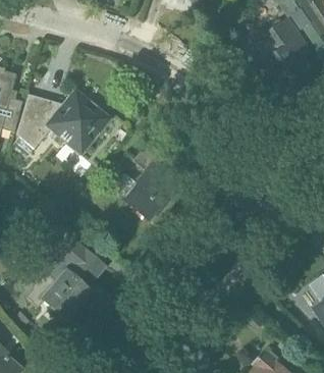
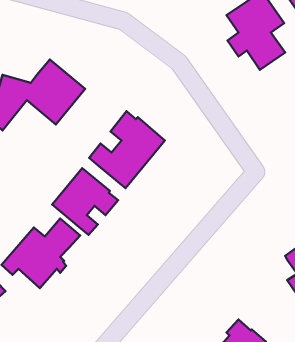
building: none -> [52,168,118,235]

